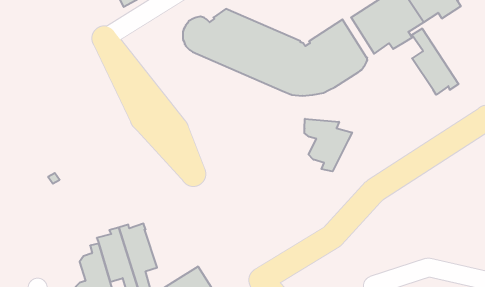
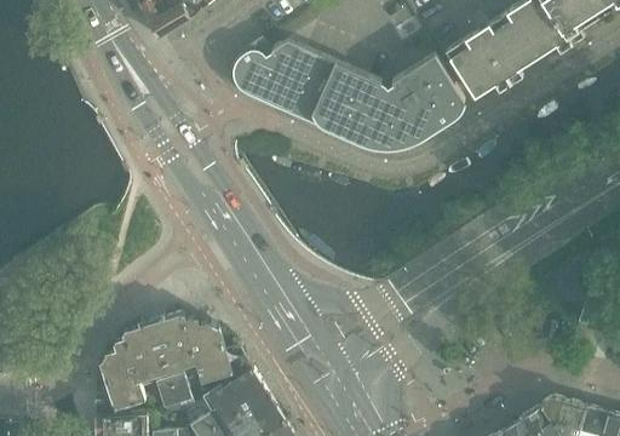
building: [412,28,458,95] -> none
building: [304,119,352,171] -> none
building: none -> [184,317,252,386]

